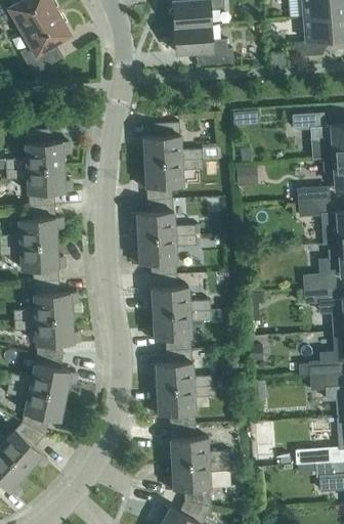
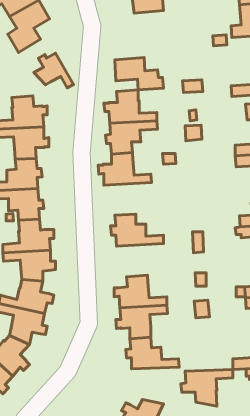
building: [175,25,234,64] -> [115,57,163,90]
building: none -> [34,53,73,88]
building: [133,235,197,275] -> none
building: [148,310,212,351] -> none
building: [167,462,230,507] -> [181,370,233,406]

